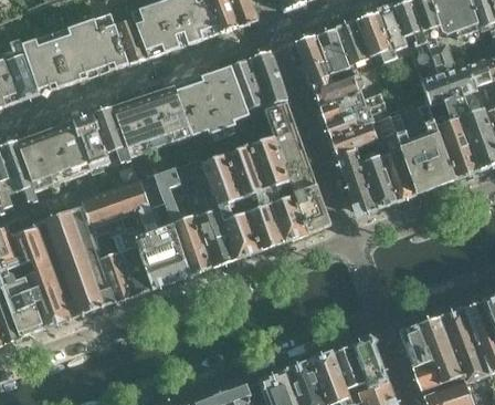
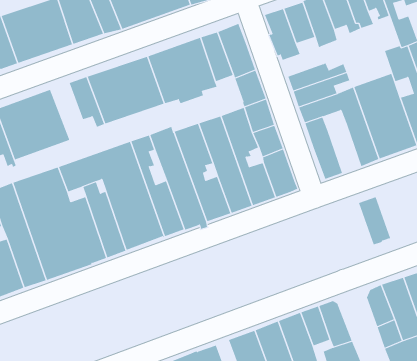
building: [315,74,361,106] -> none
building: [74,113,109,172] -> none
building: [362,156,397,207] -> [358,196,391,245]

